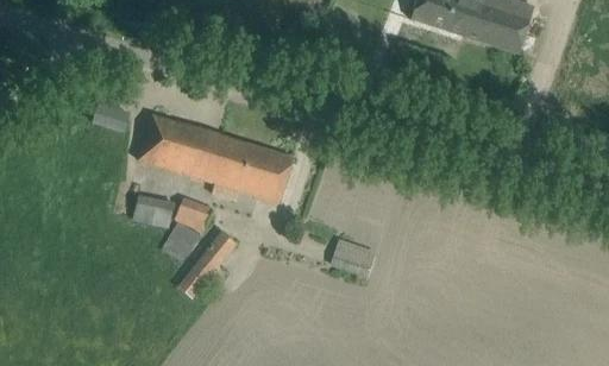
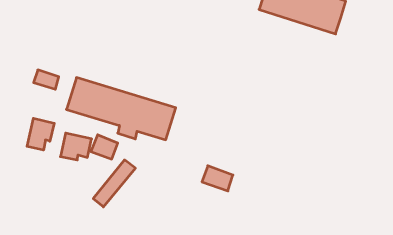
building: none -> [27,118,54,150]
building: [159,220,200,261] -> none

